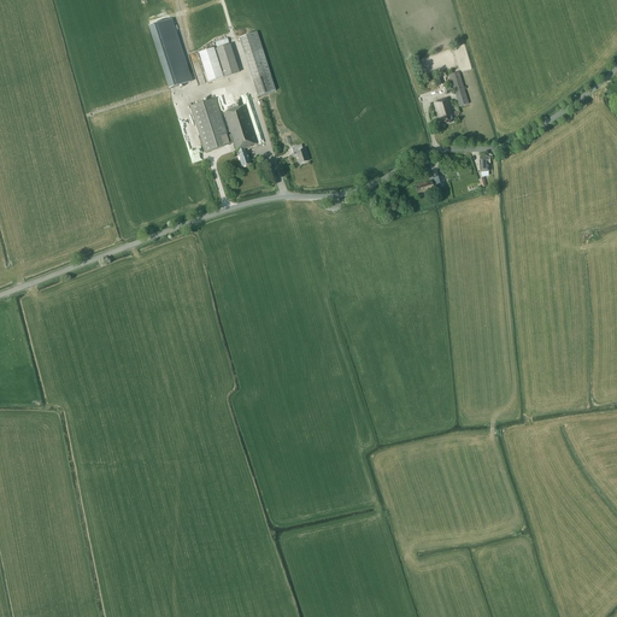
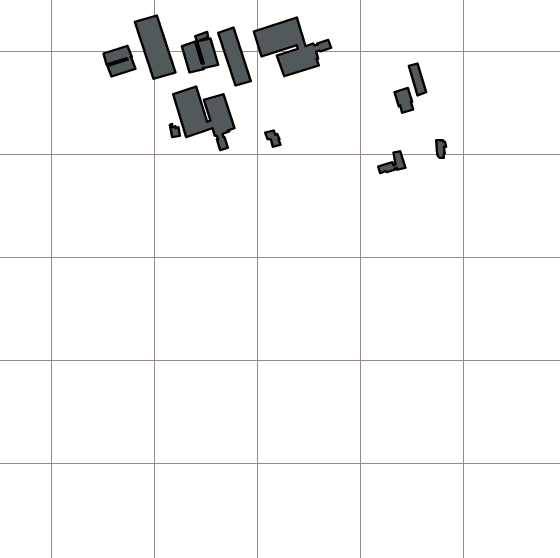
building: none -> [254,18,331,76]
building: none -> [104,46,136,77]

